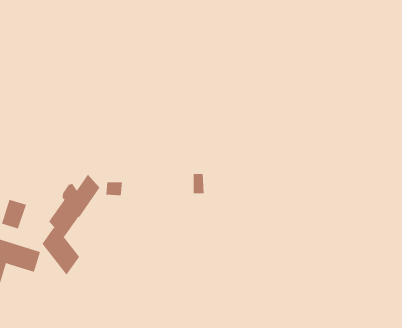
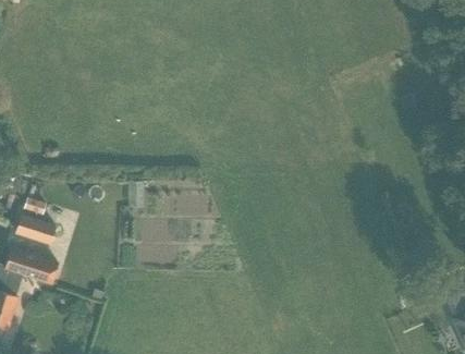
building: [42,174,100,276] -> none

